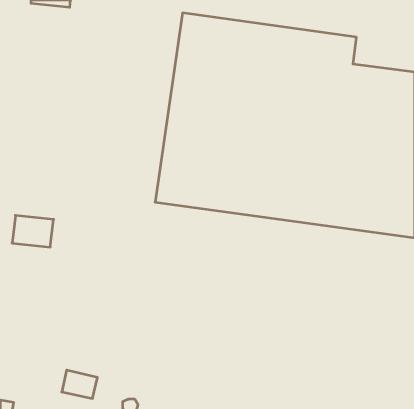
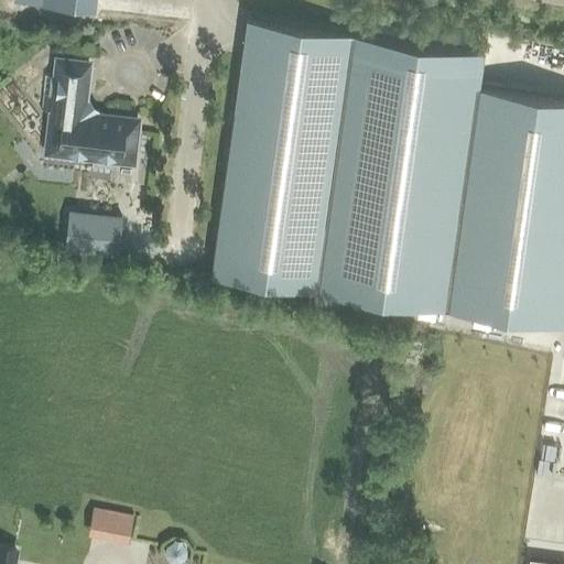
building: none -> [41,67,139,178]
building: [12,215,54,247] -> [66,217,122,260]

